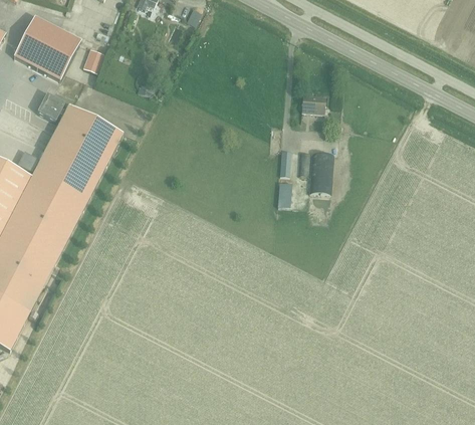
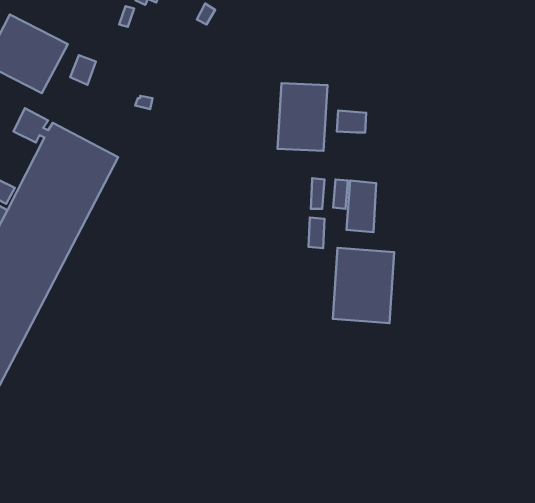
building: none -> [277,83,327,151]
building: none -> [333,248,394,323]

